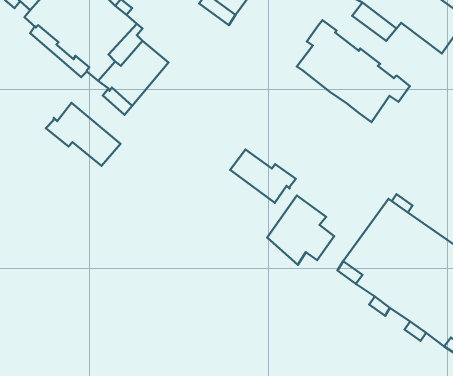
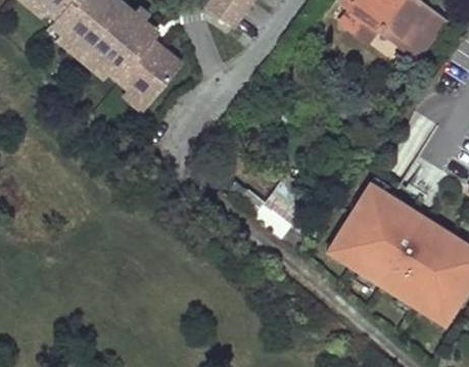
building: [297,20,410,122] -> none
building: [46,103,120,166] -> none
building: [230,150,296,203] -> none

